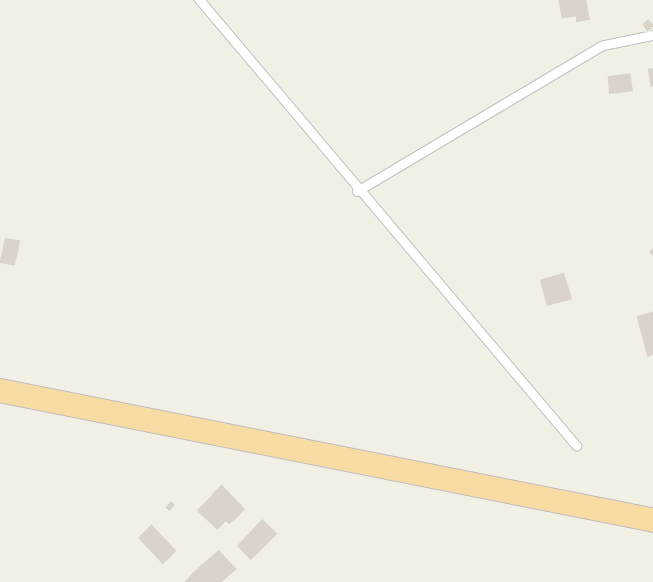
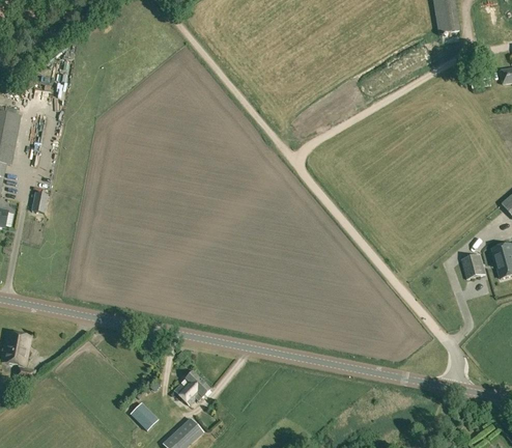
building: [539,272,573,307] -> [461,254,486,279]
building: [236,518,278,561] -> none

